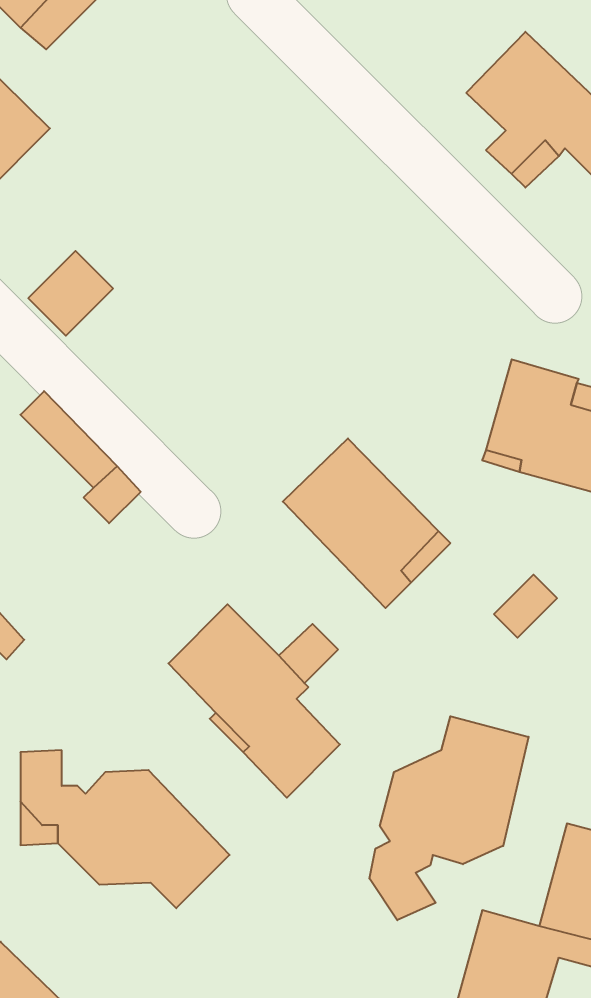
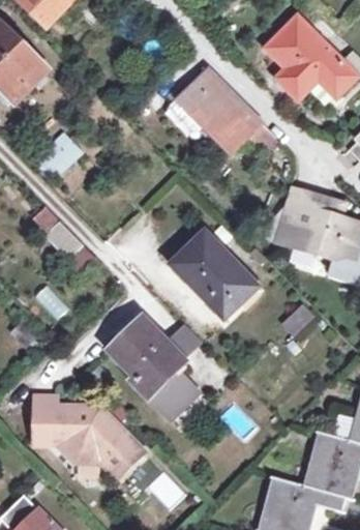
building: none -> [177,68,275,156]
building: [369,716,529,920] -> none

